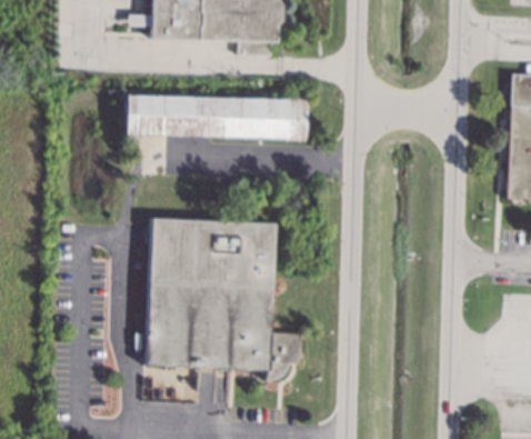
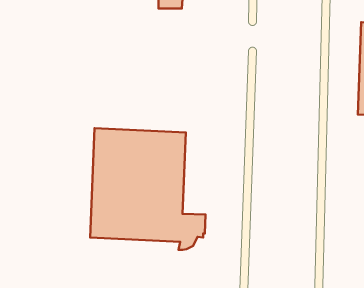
building: [126,94,309,140] -> none

